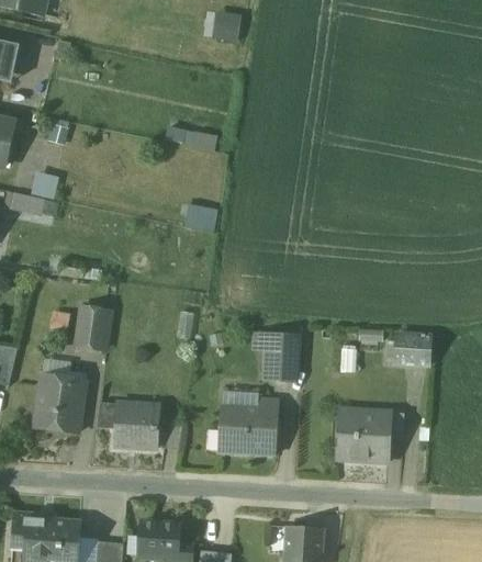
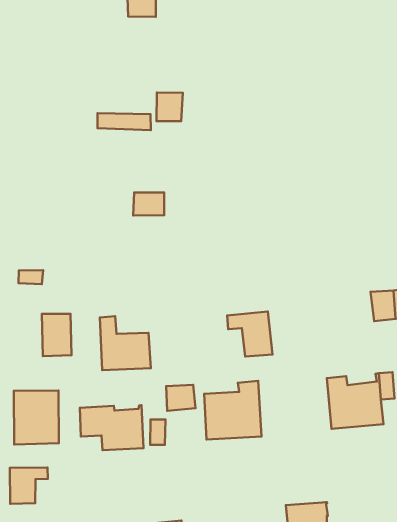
building: none -> [157,92,183,121]
building: none -> [100,316,151,370]
building: none -> [166,385,196,411]
building: none -> [10,467,48,504]

